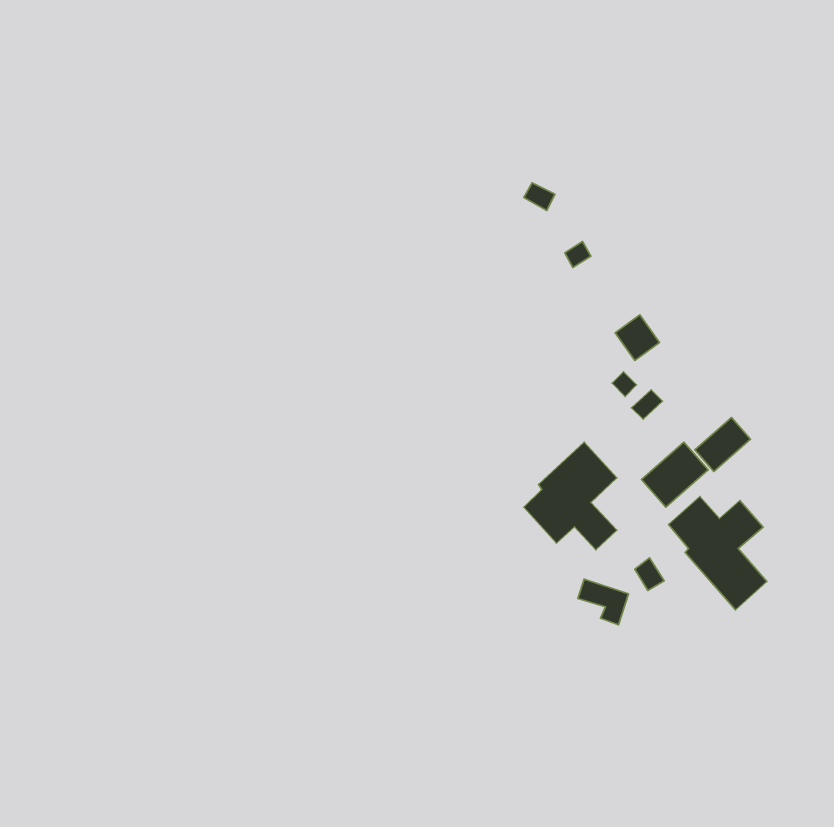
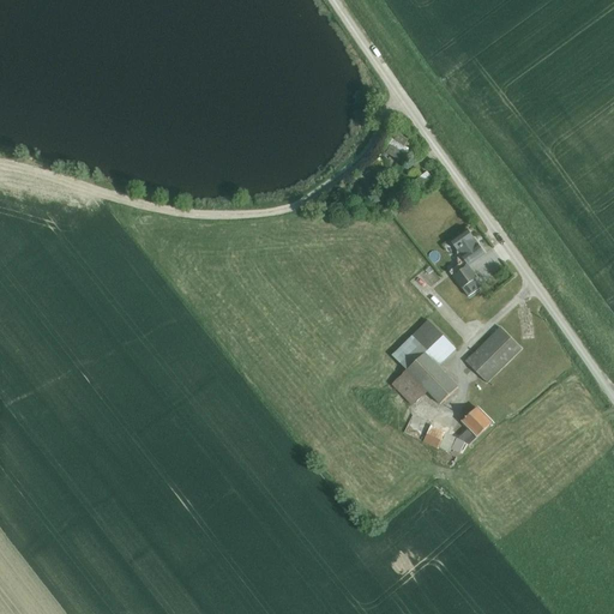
building: [695,418,750,471] -> none
building: [668,496,767,610] -> none

